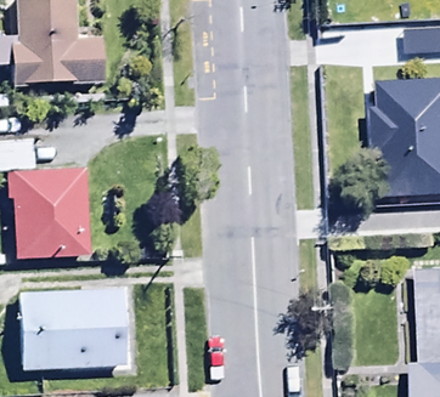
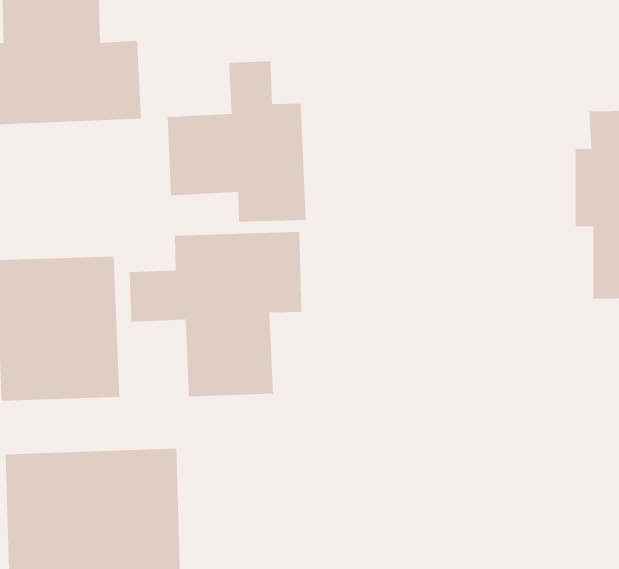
building: none -> [167,60,306,223]
building: none -> [129,231,302,397]

